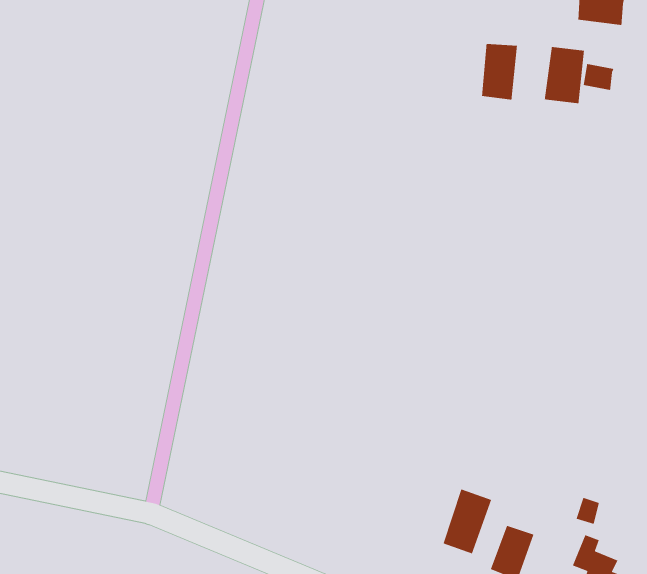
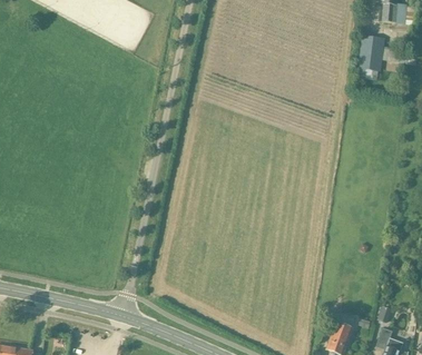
building: [481,43,518,101] -> none
building: [442,488,492,554] -> none

